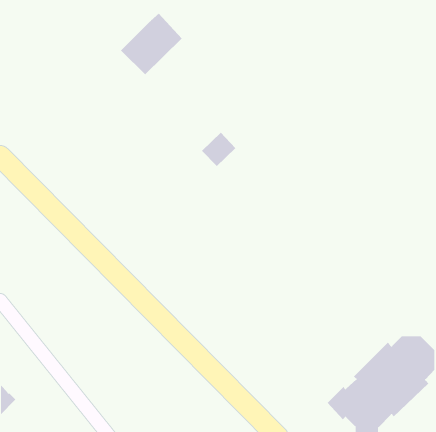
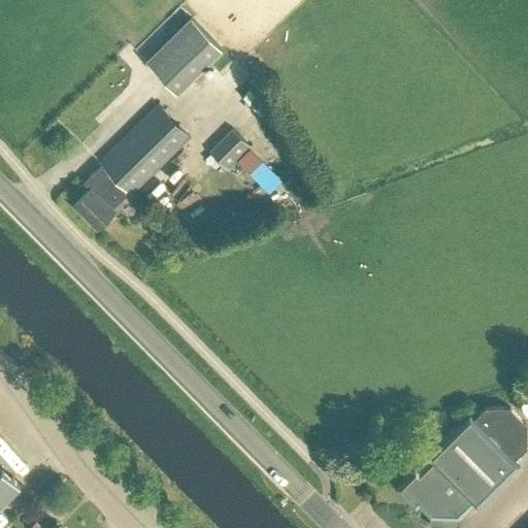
building: none -> [72,108,188,232]
building: [201,132,236,167] -> [208,131,251,173]

